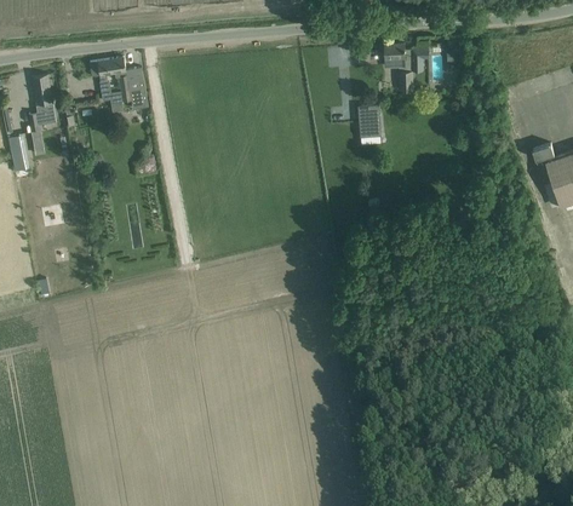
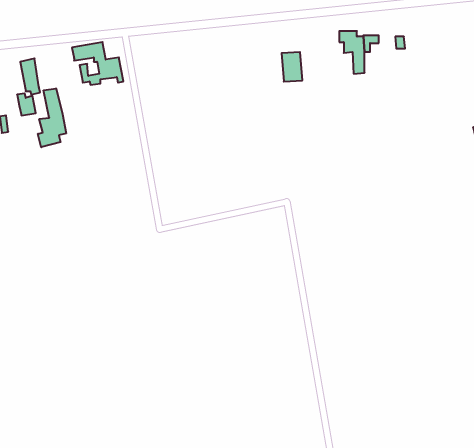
building: [357,104,380,137] -> [282,52,302,82]
building: none -> [38,88,66,147]

